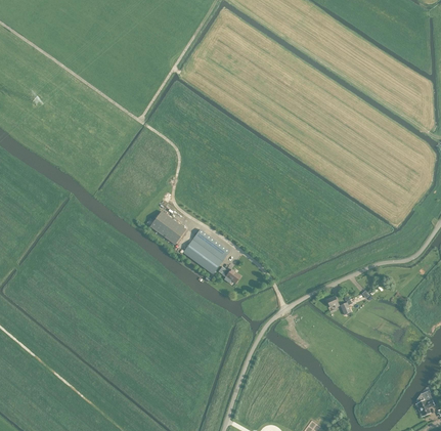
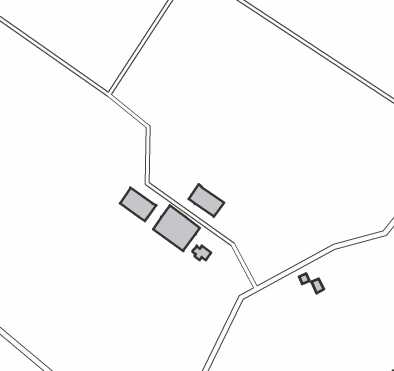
building: none -> [189,184,224,217]

